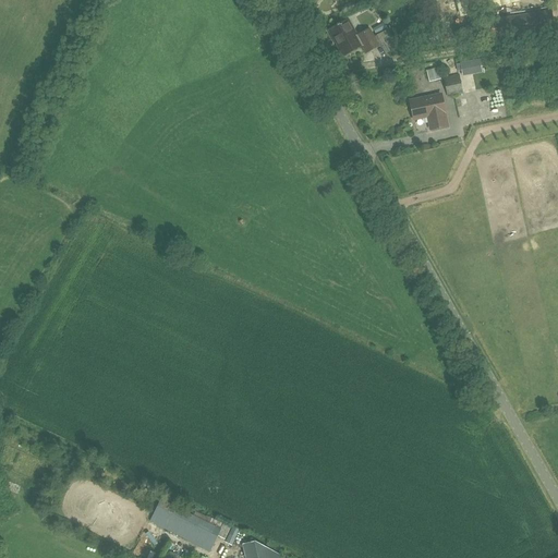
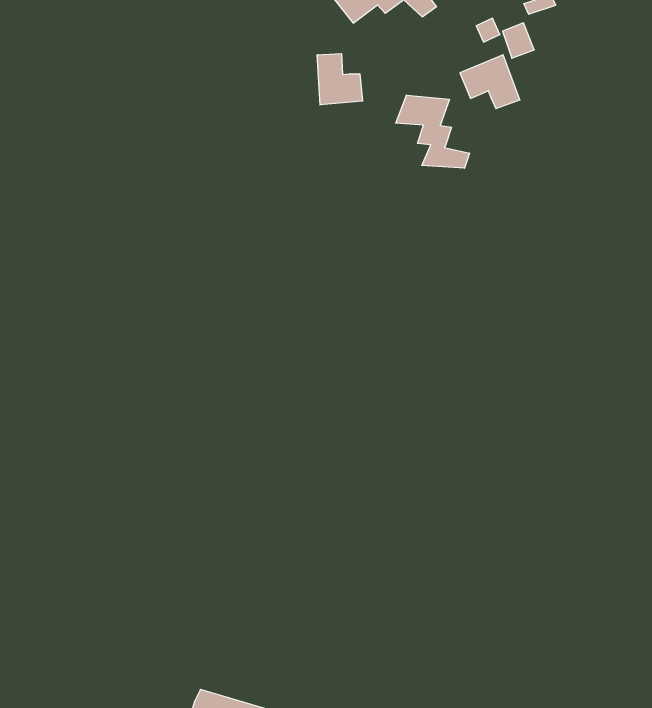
building: none -> [317,54,363,105]
building: none -> [396,95,469,168]

